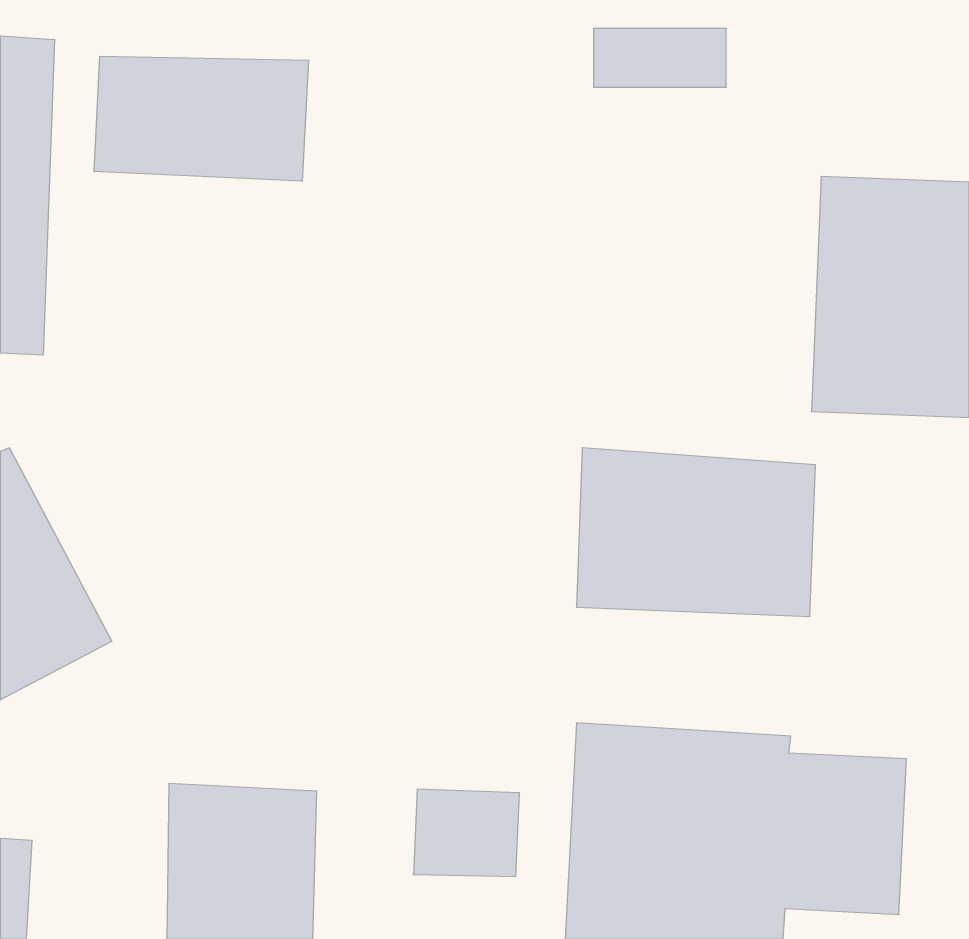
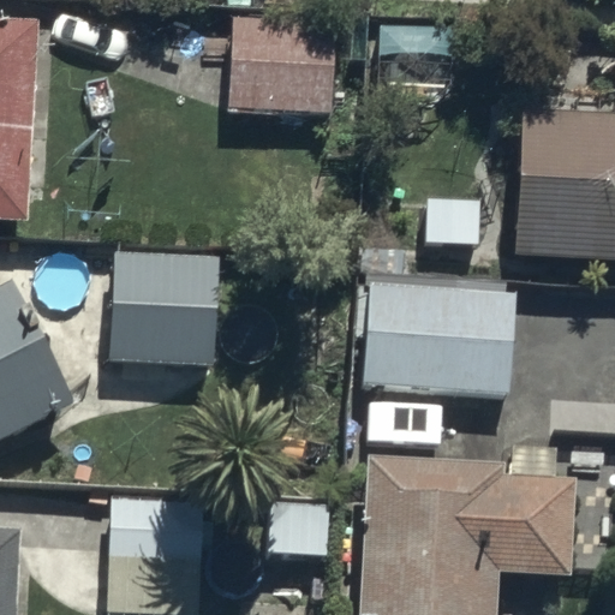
building: none -> [225,8,333,115]
building: [94,56,309,181] -> none
building: none -> [107,251,213,401]

